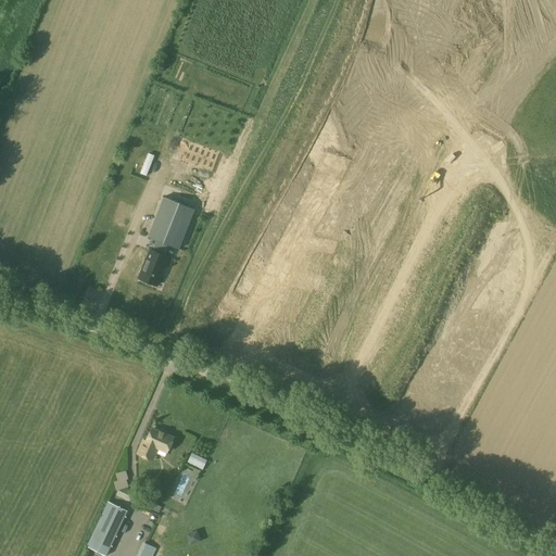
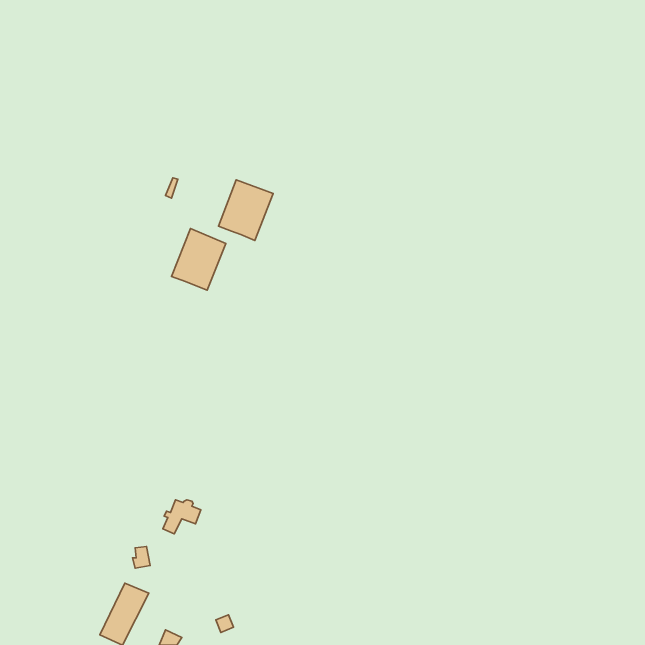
building: none -> [218,180,273,240]
building: [139,242,168,286] -> none

